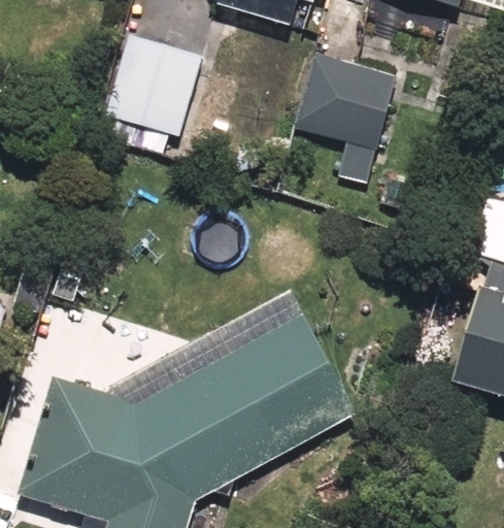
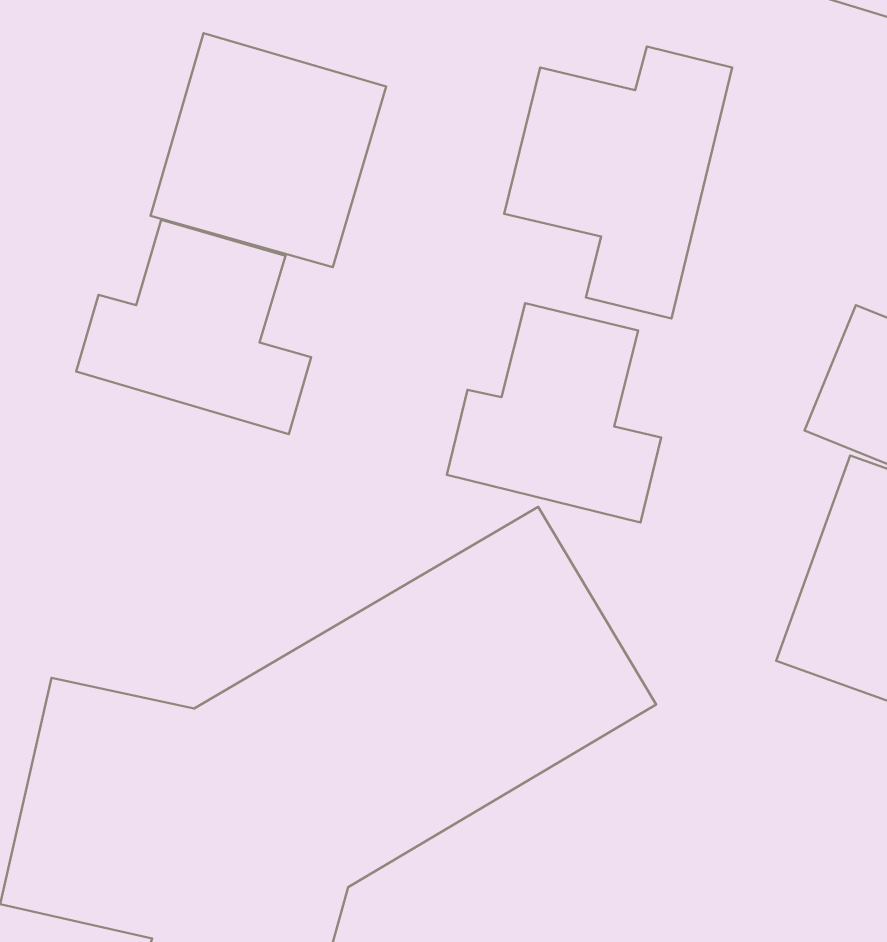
building: none -> [76,220,311,434]
building: none -> [447,303,661,523]

